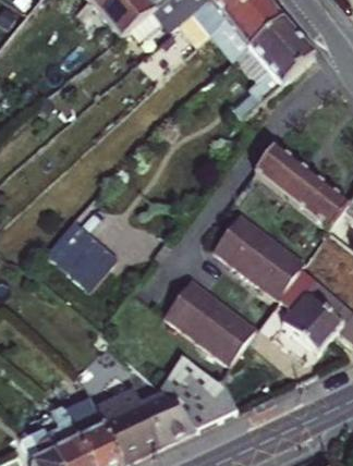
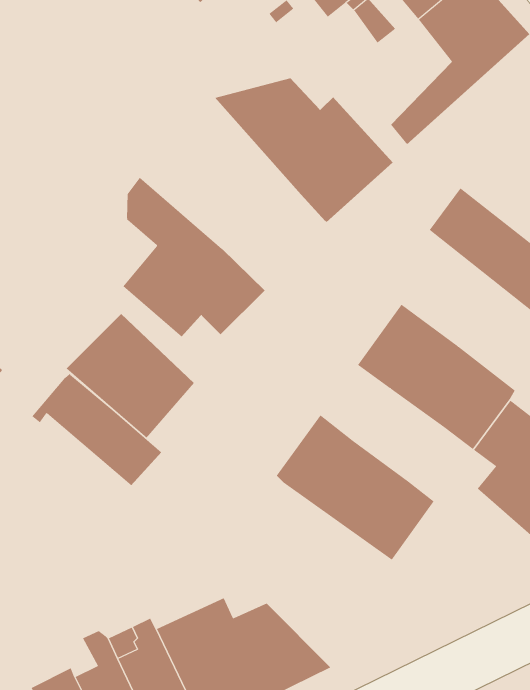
building: none -> [214,78,394,223]
building: none -> [122,177,265,337]
building: none -> [31,373,162,486]
building: [160,355,238,427] -> none

